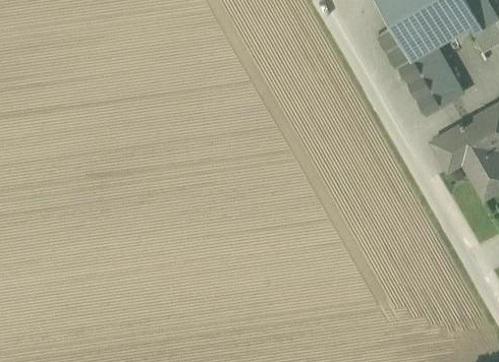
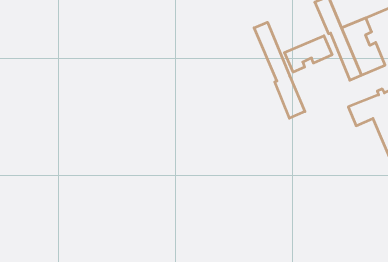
building: none -> [254,22,305,118]
building: none -> [284,36,332,72]

